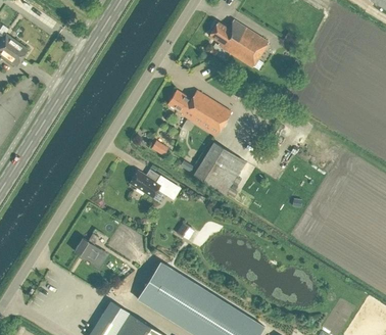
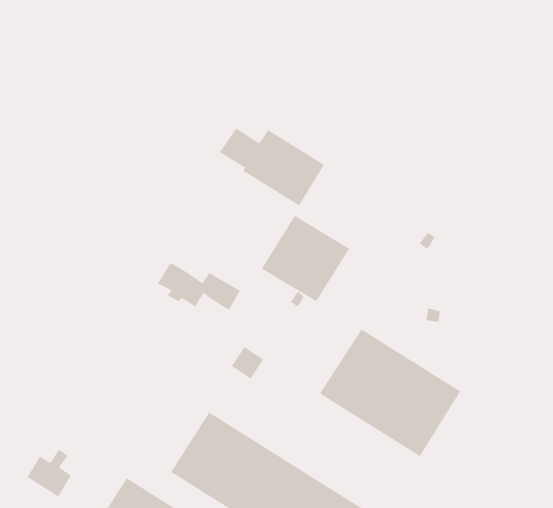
building: [208,19,269,69] -> none
building: none -> [320,328,461,457]
building: [74,234,101,264] -> [27,449,72,497]

